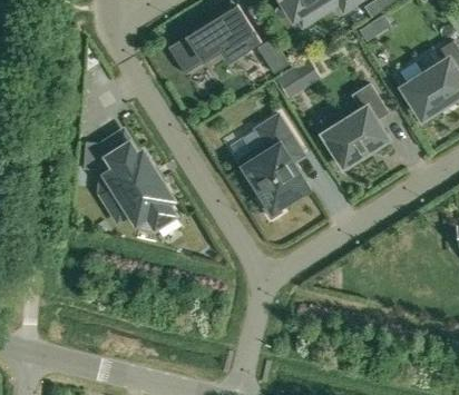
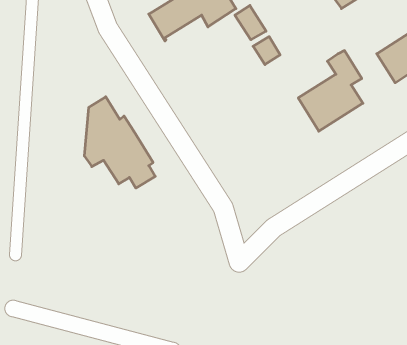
building: [240,115,309,218] -> none

